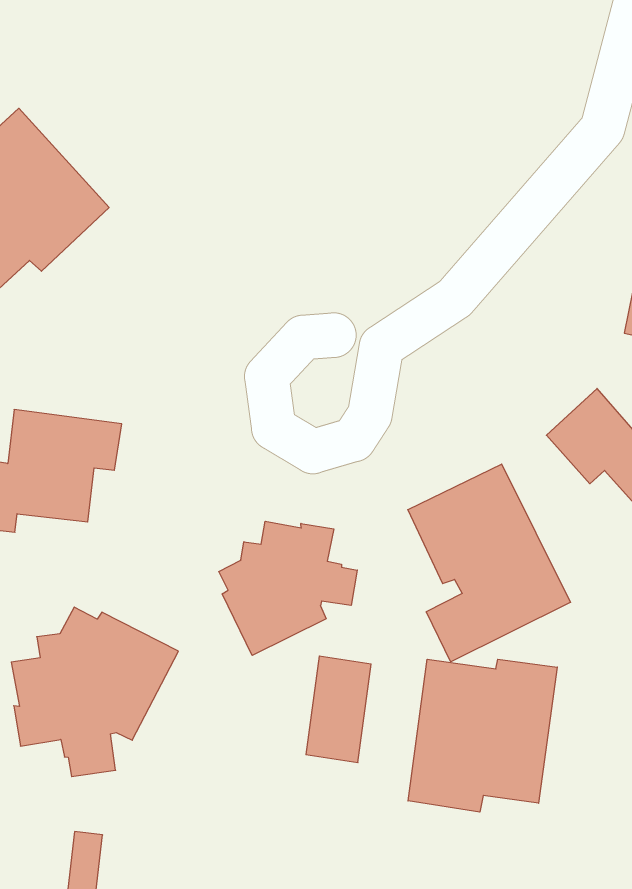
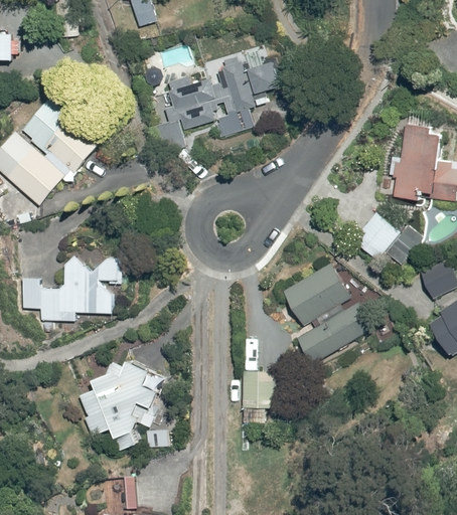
building: none -> [165,57,278,135]
building: [219,521,357,655] -> none
building: [408,659,557,812] -> none

